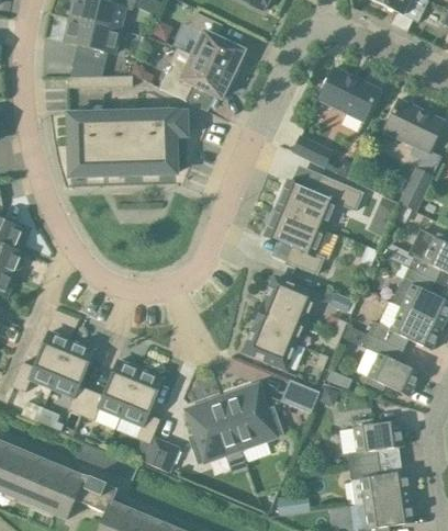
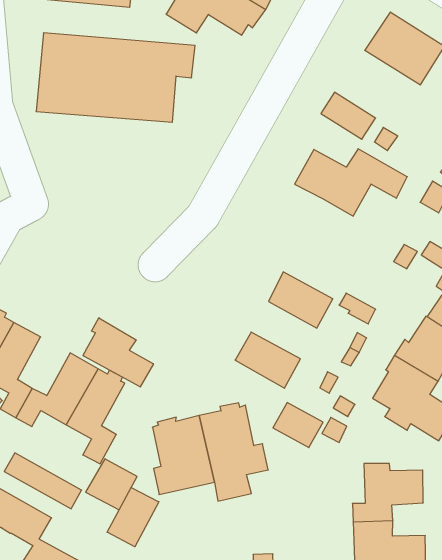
building: [266,208,325,273] -> none
building: [255,301,306,343] -> none
building: none -> [83,318,153,387]
building: none -> [107,487,159,547]

